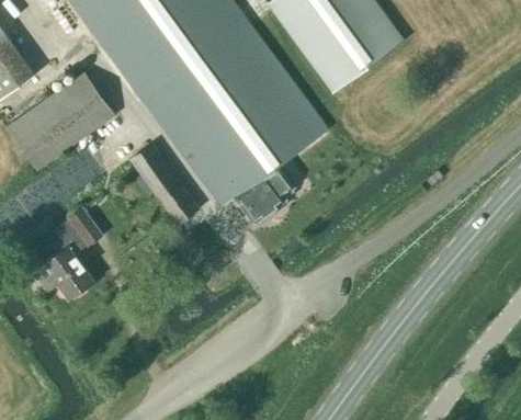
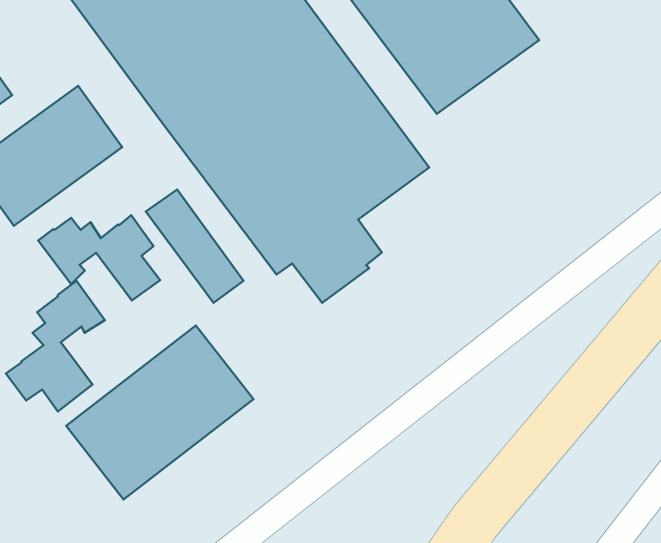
building: none -> [38,215,160,301]
building: none -> [66,325,253,500]

